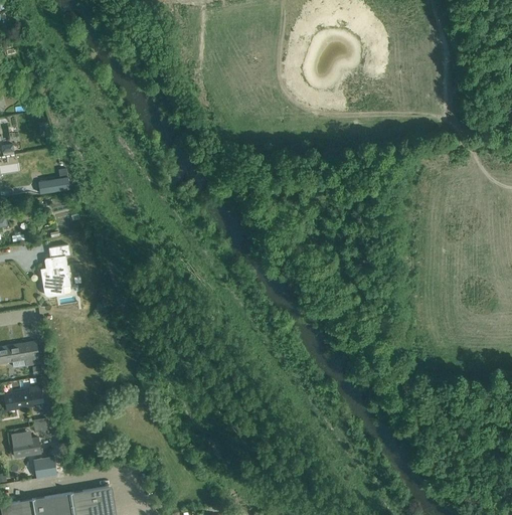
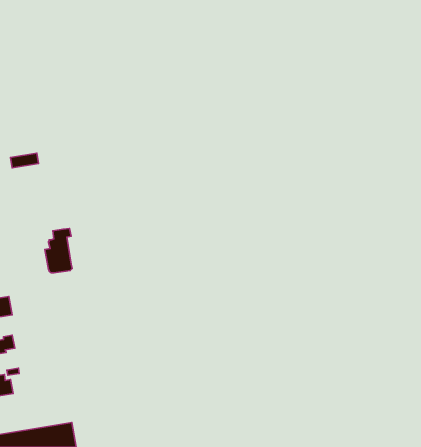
building: [40,244,71,296] -> [45,228,72,273]
building: [34,456,56,478] -> none

